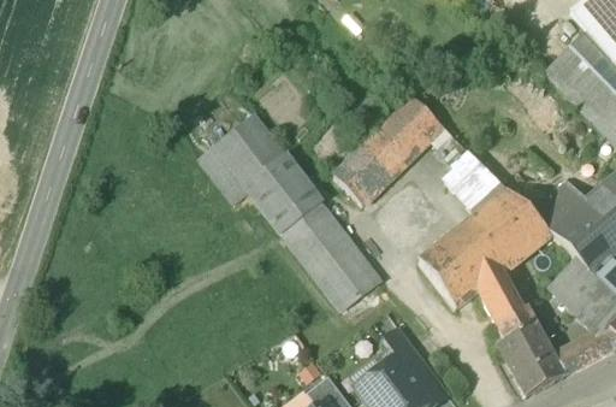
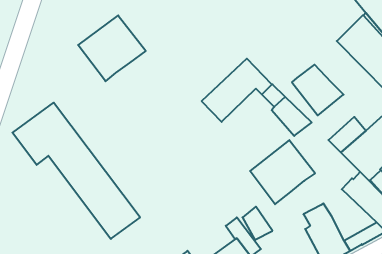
building: none -> [78,15,146,81]
building: [197,113,381,311] -> [12,103,140,239]
building: [333,158,378,204] -> none
building: [475,189,550,263] -> [292,65,344,115]
building: [478,273,521,322] -> [242,207,272,240]

